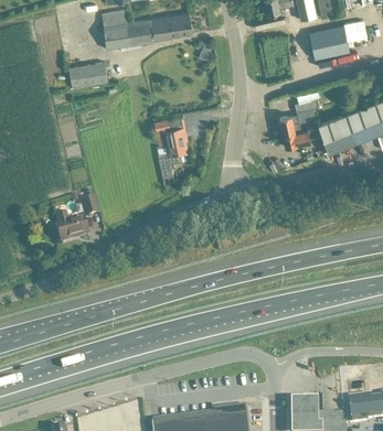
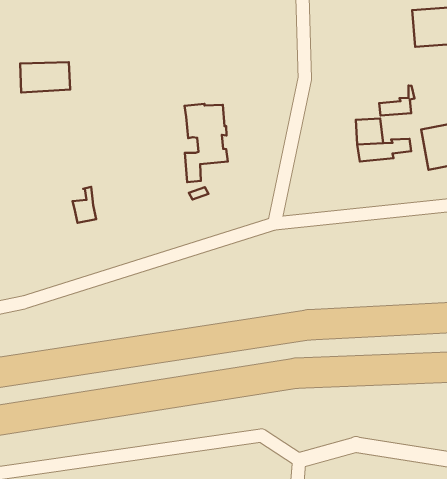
building: [68,62,107,88] -> [20,62,70,93]
building: [55,213,88,241] -> none

